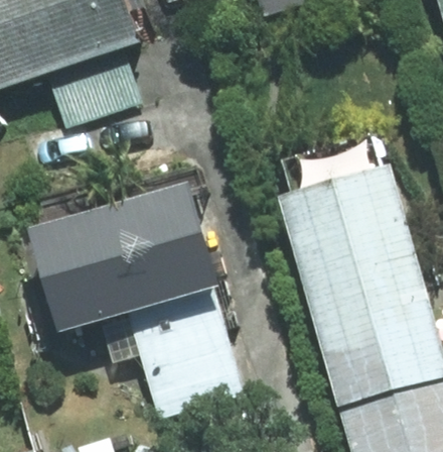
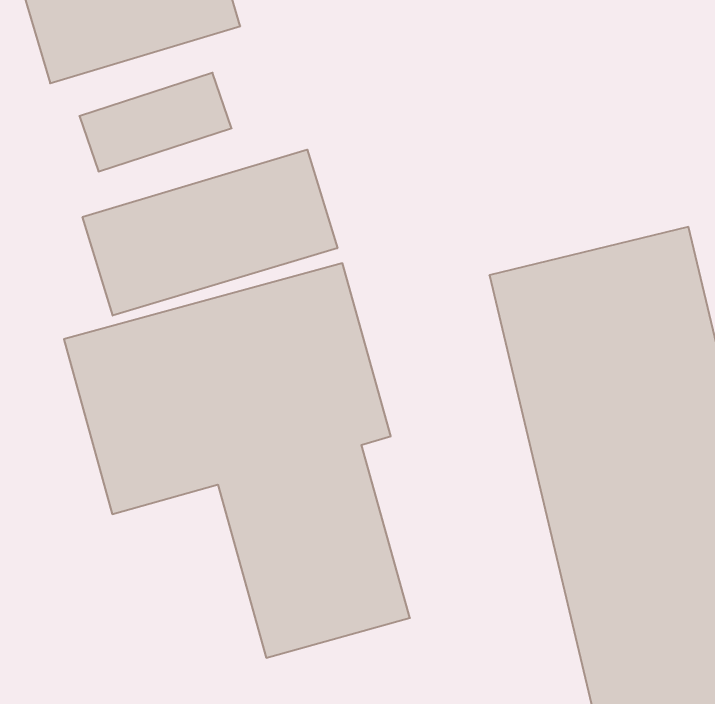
building: none -> [83,150,337,316]

